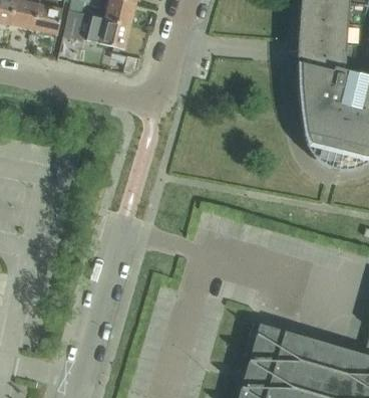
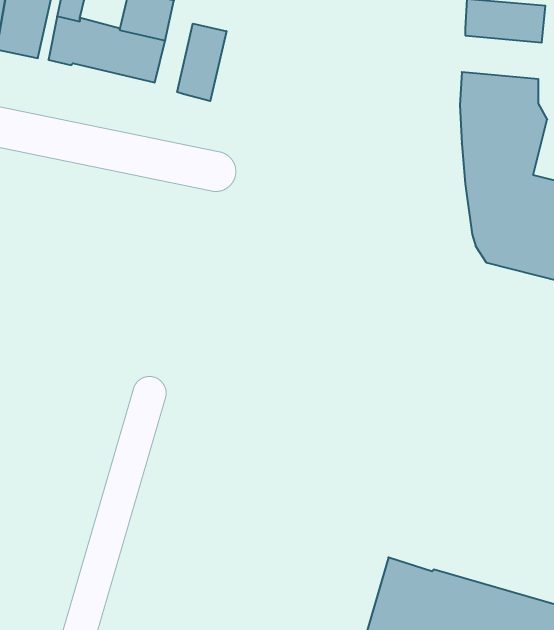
building: none -> [177,24,226,101]
building: [301,22,347,47] -> none

